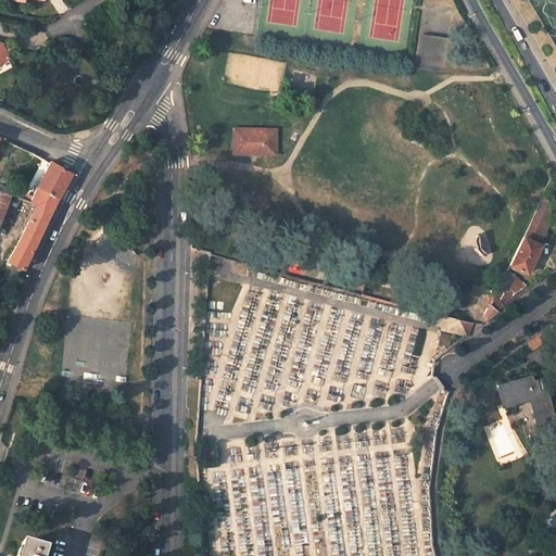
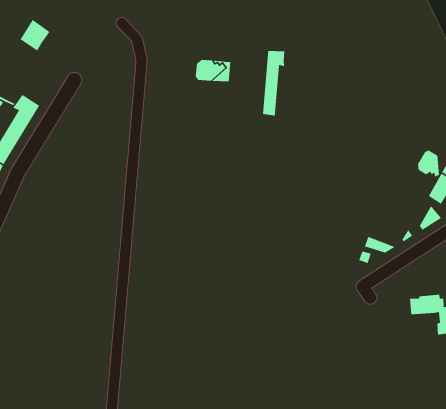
building: none -> [262,50,285,116]
building: [38,161,73,198] -> [19,19,50,52]
building: none -> [417,149,440,178]

